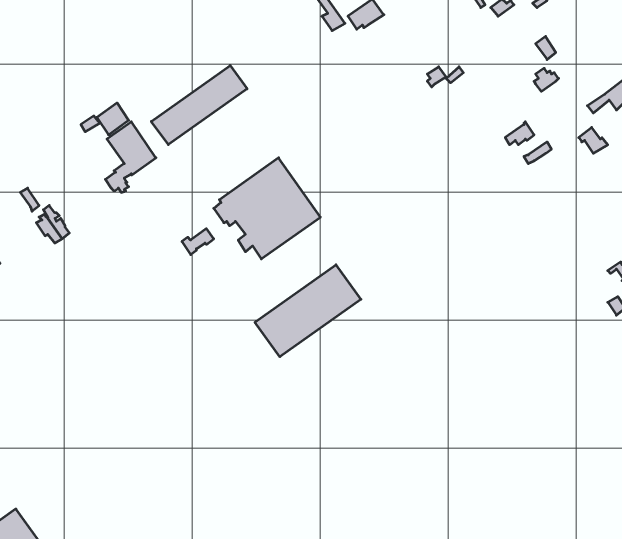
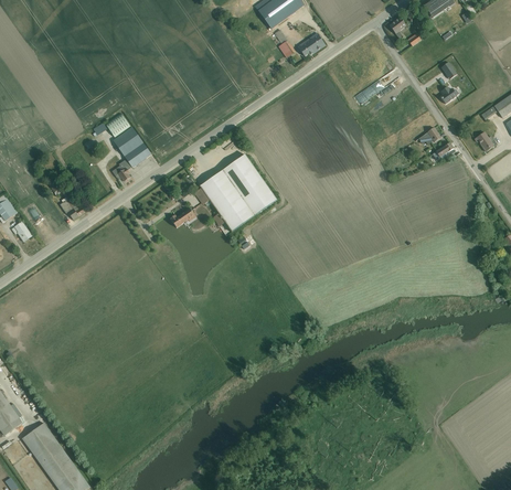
building: [151,66,247,145] -> none
building: [255,265,361,357] -> none

